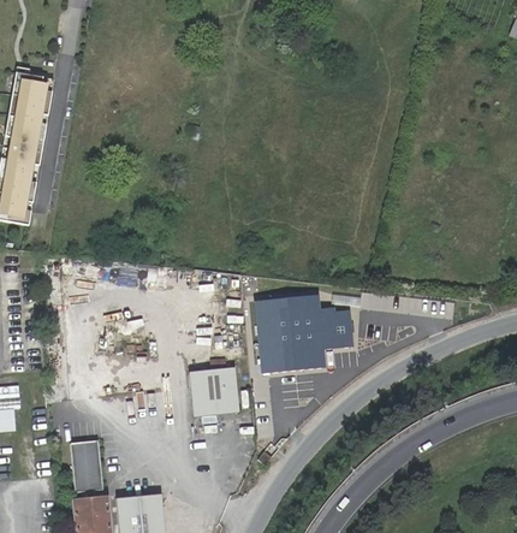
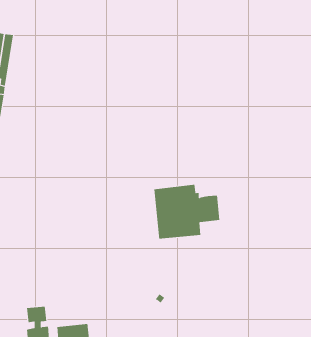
building: [188,365,237,415] -> none
building: [67,442,99,472] -> none

